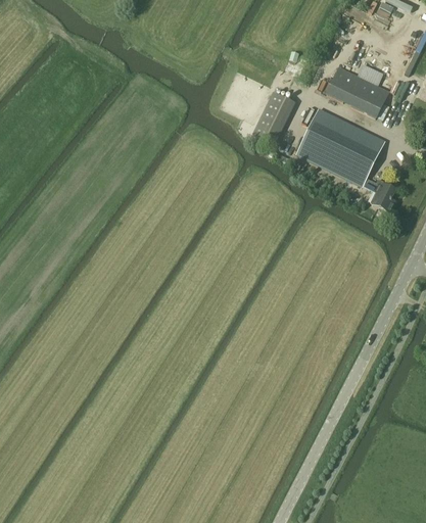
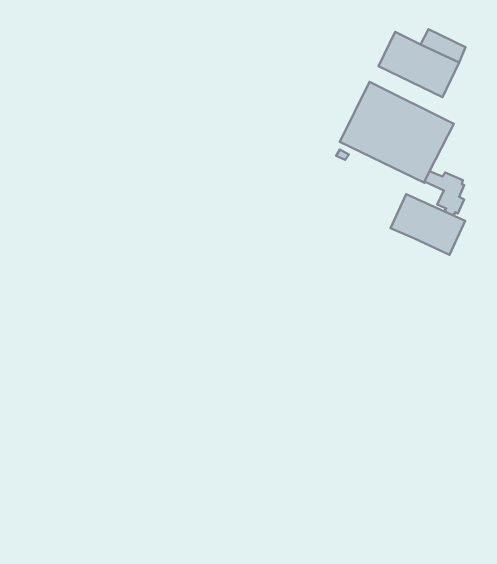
building: [252,90,294,142] -> none
building: none -> [391,194,465,255]

